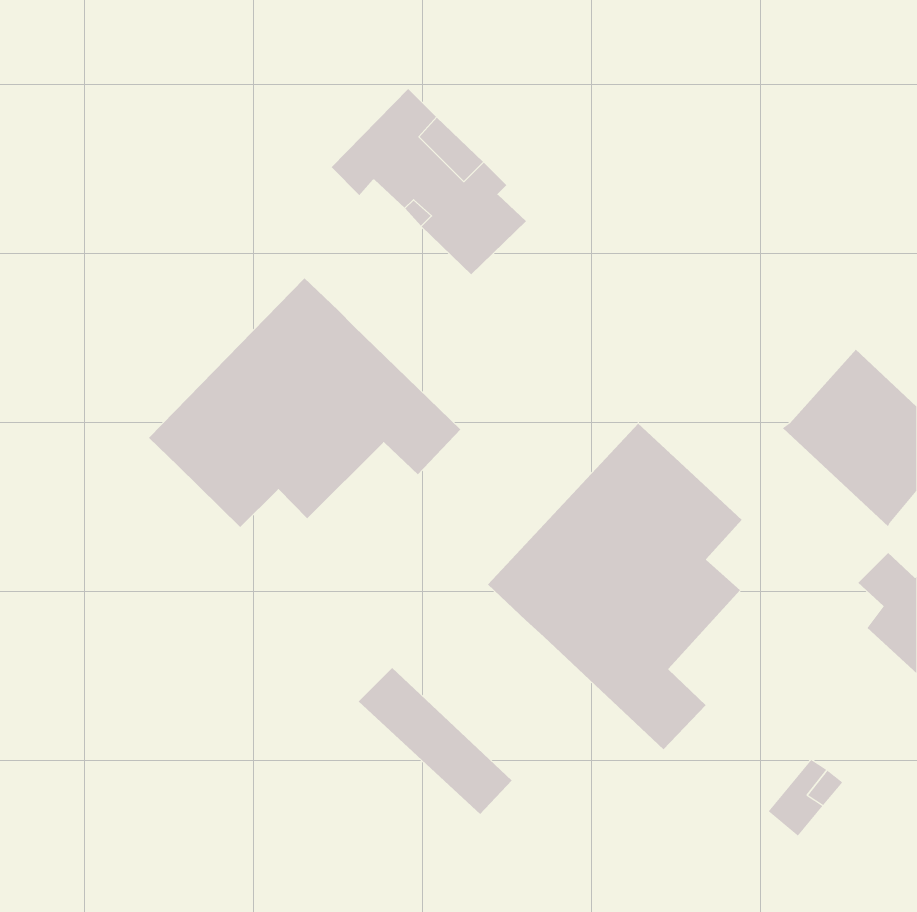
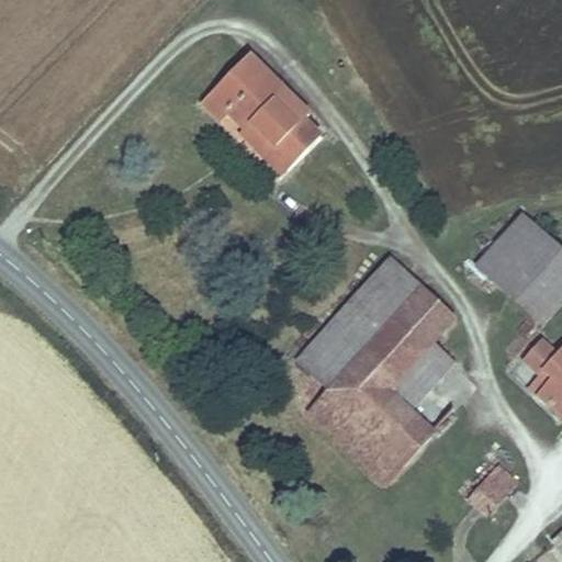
building: [148,278,461,528] -> none
building: [358,667,513,815] -> [311,389,405,479]

